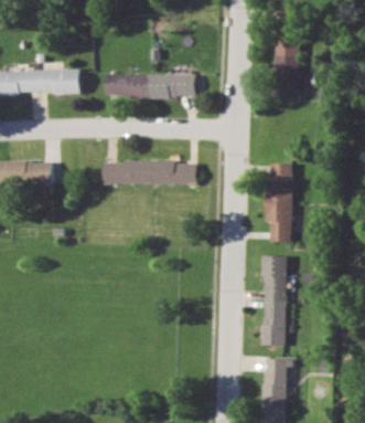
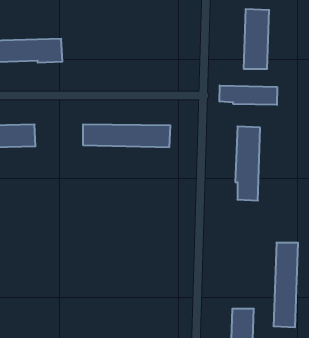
building: [104,73,194,97] -> none
building: none -> [220,85,277,105]
building: [260,255,287,346] -> [273,243,298,327]

